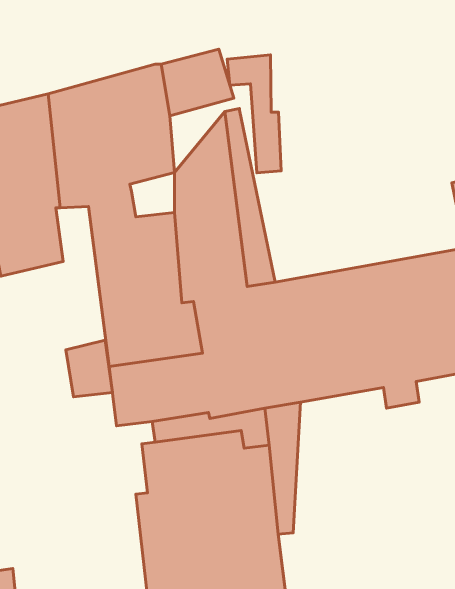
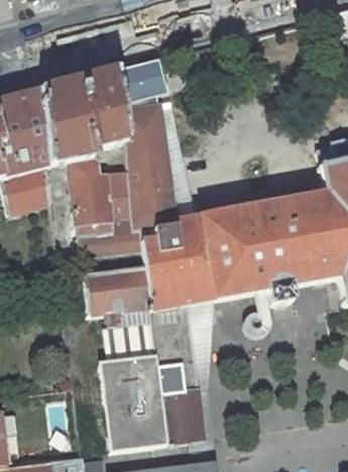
building: [227,55,281,173] -> none
building: [66,340,112,397] -> none

